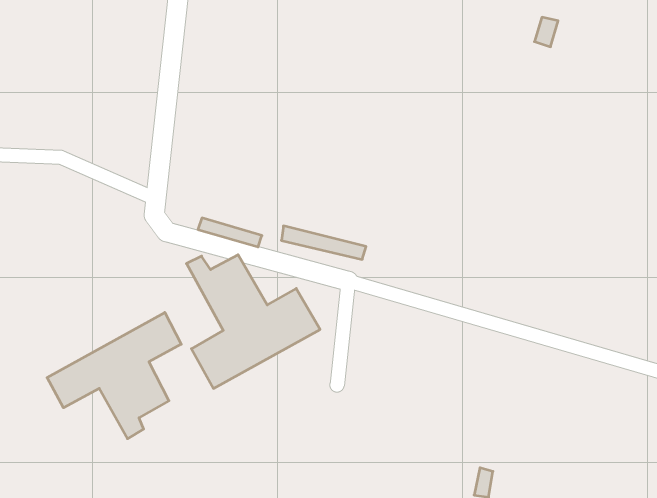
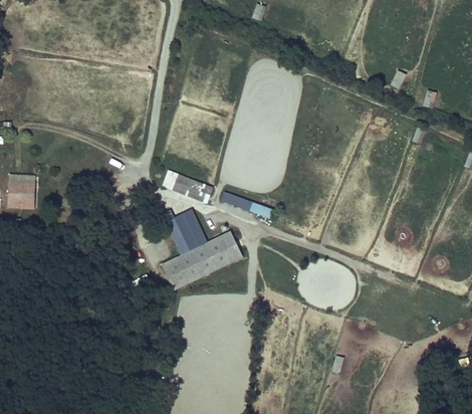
building: none -> [163,170,212,196]
building: [47,312,181,439] -> none

